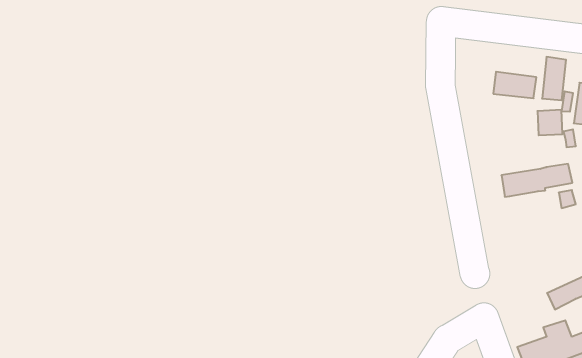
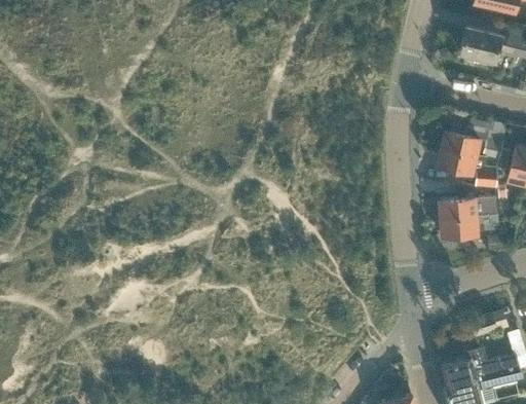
building: none -> [438,148,476,173]
building: none -> [440,196,499,218]

